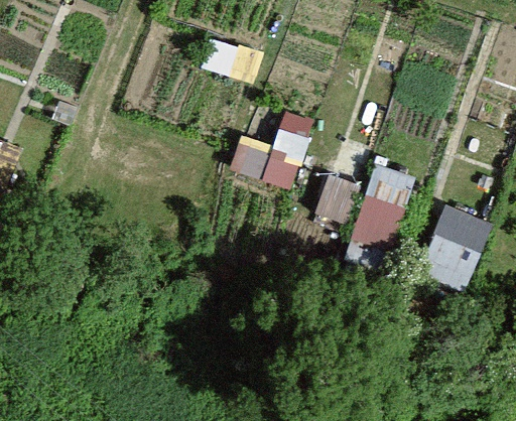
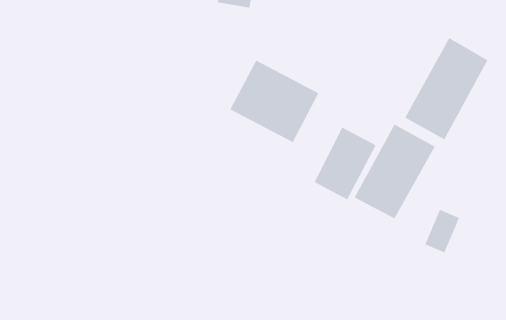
building: none -> [405,37,488,140]

